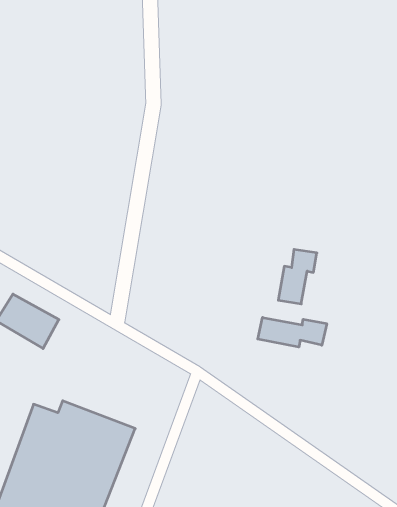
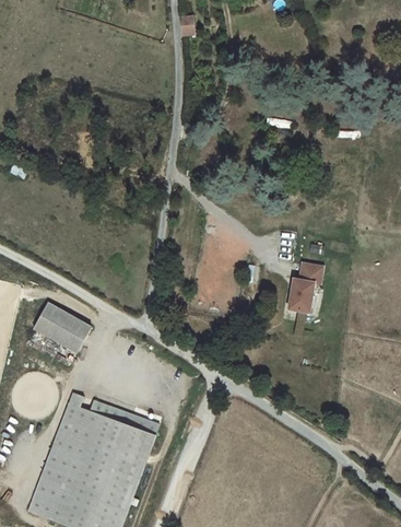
building: [258,317,327,347] -> none

